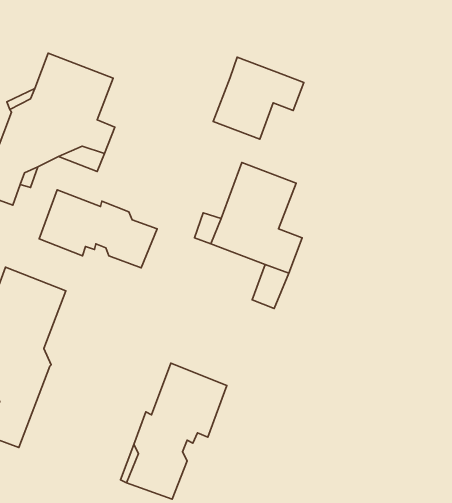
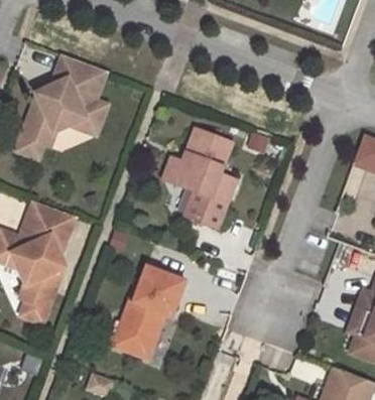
building: [213,57,304,139] -> none
building: [39,190,157,268] -> none

